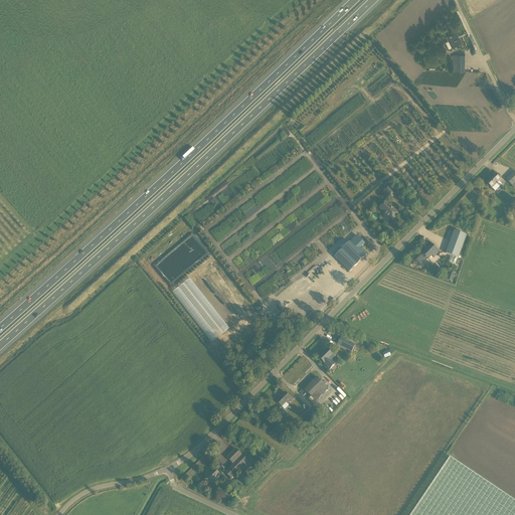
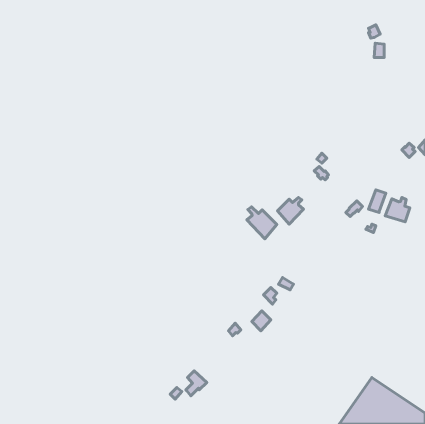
building: none -> [385,197,410,222]
building: none -> [247,207,277,239]

